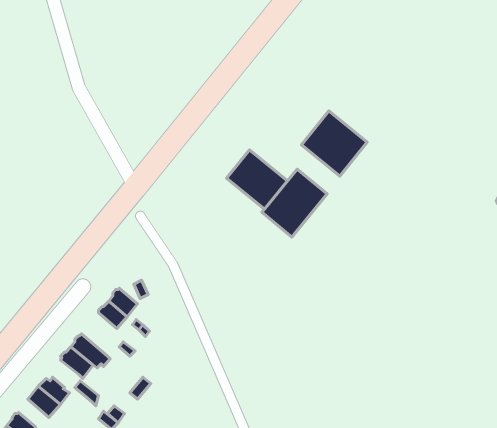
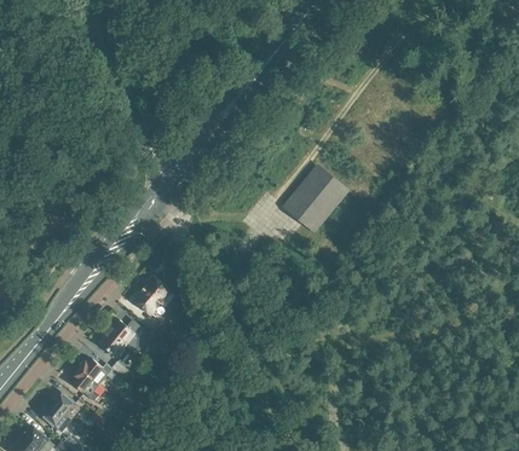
building: [302,111,367,176] -> none
building: [227,150,287,209] -> none

